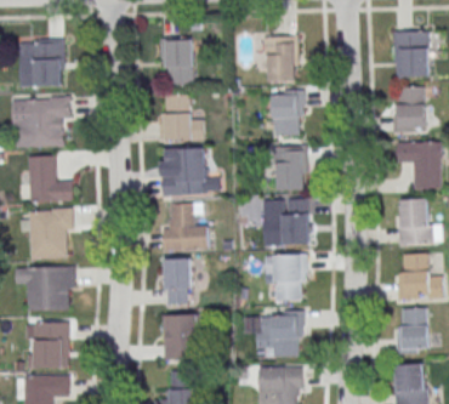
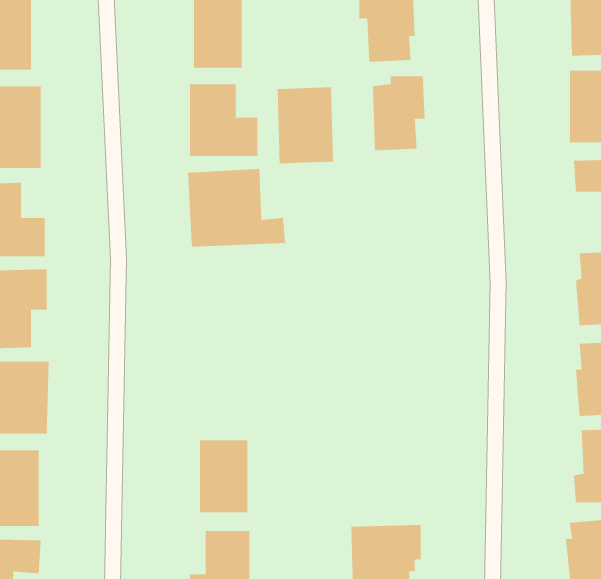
building: [272,146,307,193] -> [277,87,334,164]
building: [262,198,309,245] -> none
building: [161,204,206,250] -> none
building: [265,255,305,300] -> none
building: [163,257,189,305] -> none
building: [256,311,302,357] -> none

